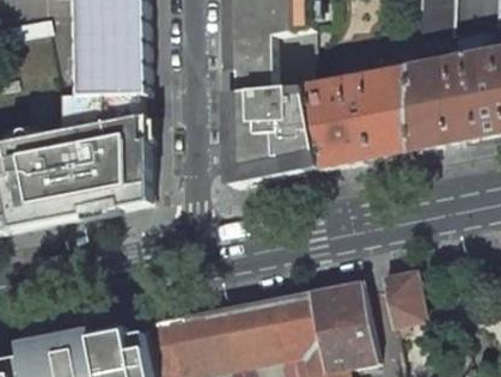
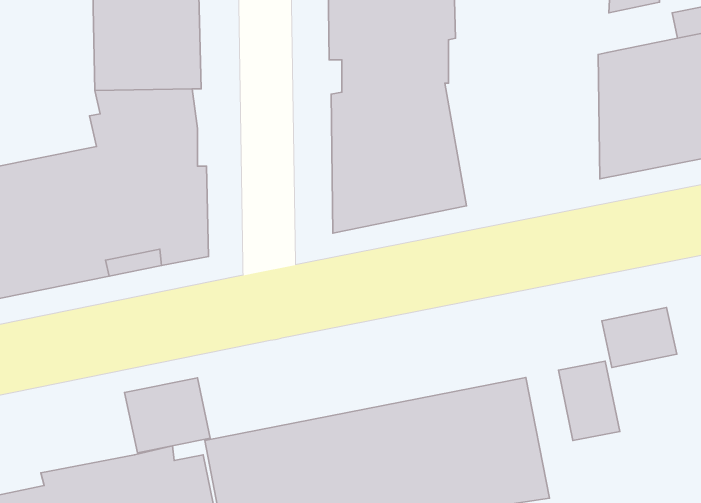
building: [307,66,410,166] -> none
building: none -> [602,308,677,368]
building: none -> [125,378,210,453]

